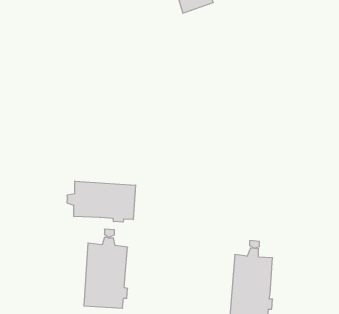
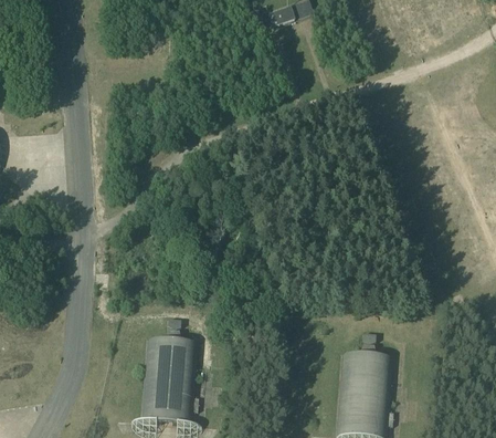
building: [67,181,136,222] -> none

